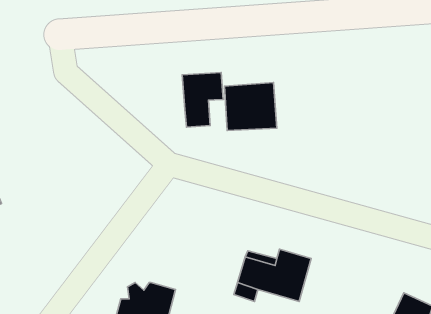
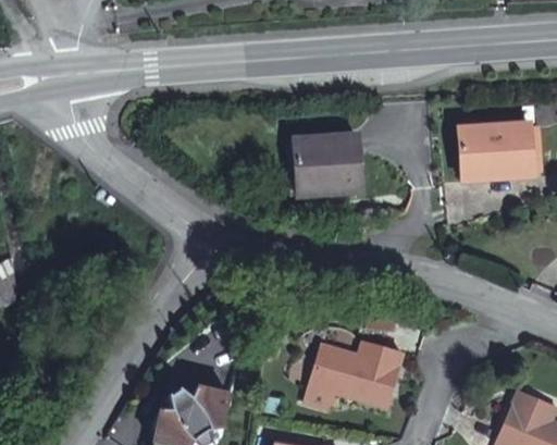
building: [182,72,223,127] -> none
building: none -> [460,121,534,177]

